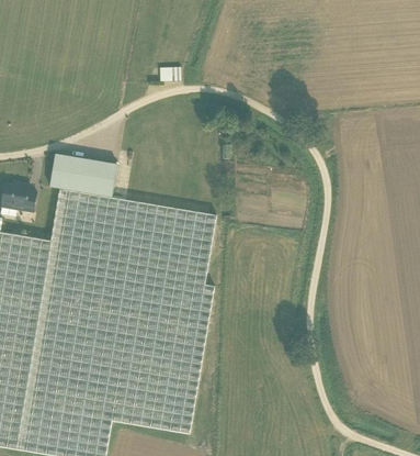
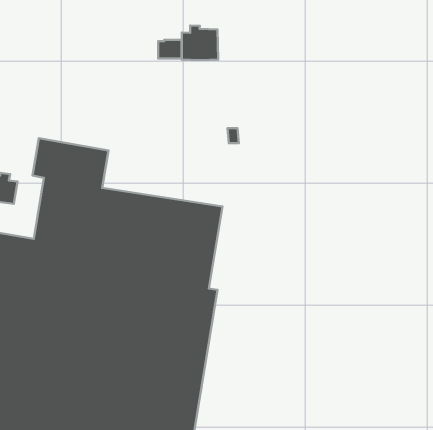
building: none -> [182,25,218,60]

